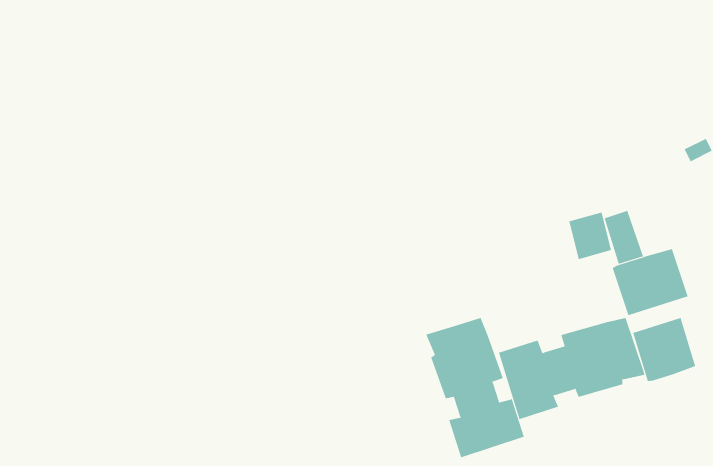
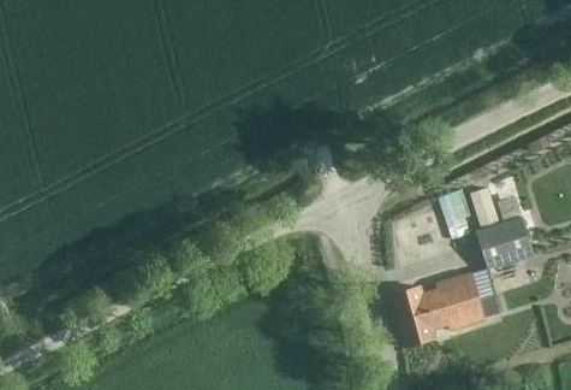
building: [425,317,525,458] -> none
building: [633,317,696,382] -> none

